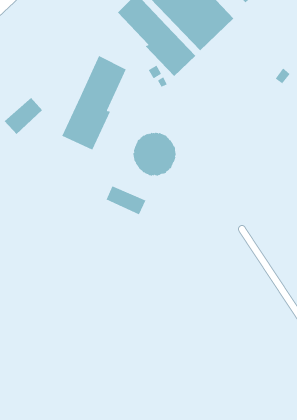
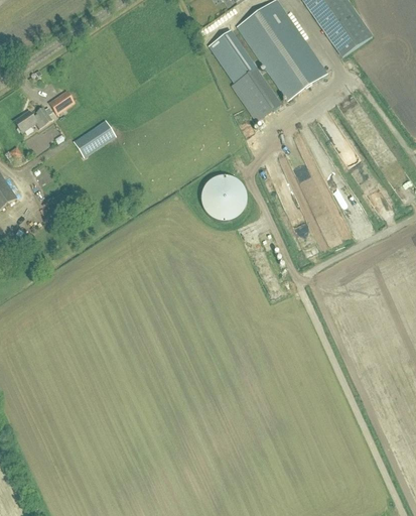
building: [62,55,126,150] -> none
building: [106,186,146,215] -> none

